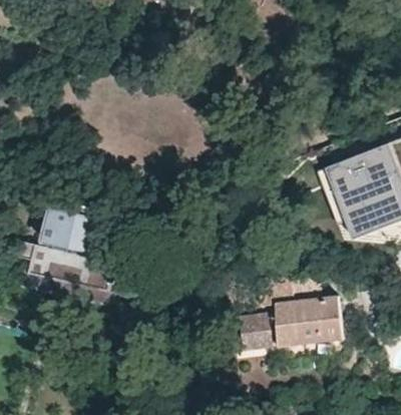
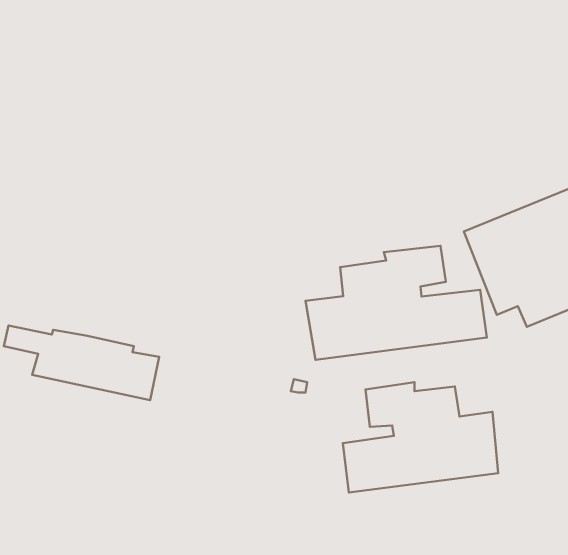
building: none -> [305,246,487,360]
building: [41,205,105,252] -> none

